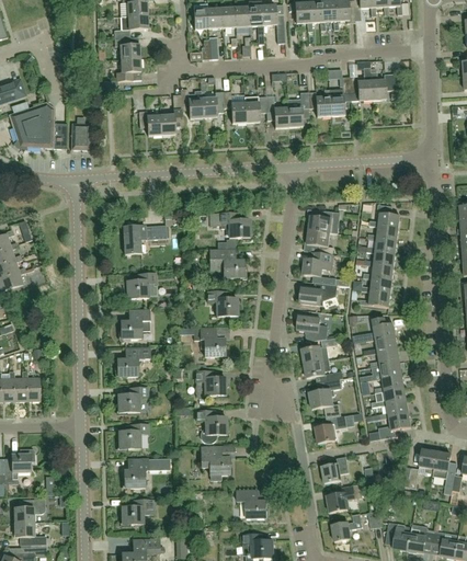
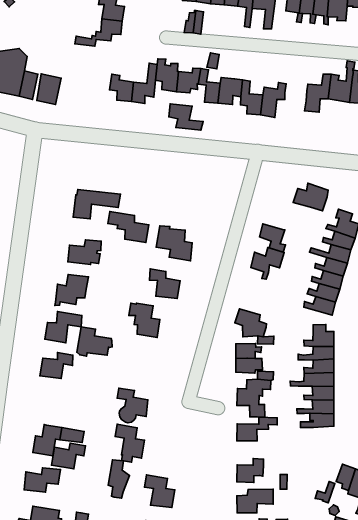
building: [308,89,330,116] -> none
building: none -> [169,104,203,130]
building: [308,209,340,233] -> [293,183,328,211]
building: [210,213,250,237] -> [108,211,149,243]
building: [298,282,338,305] -> none
building: [196,371,229,399] -> [77,327,112,356]
building: [369,413,411,440] -> none
building: [118,424,148,448] -> [52,443,86,469]
building: none -> [108,460,130,498]

